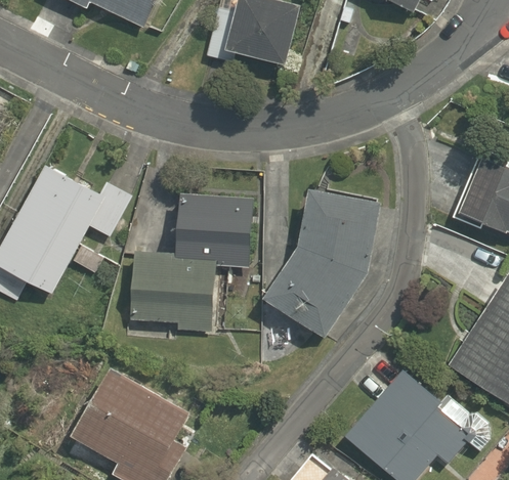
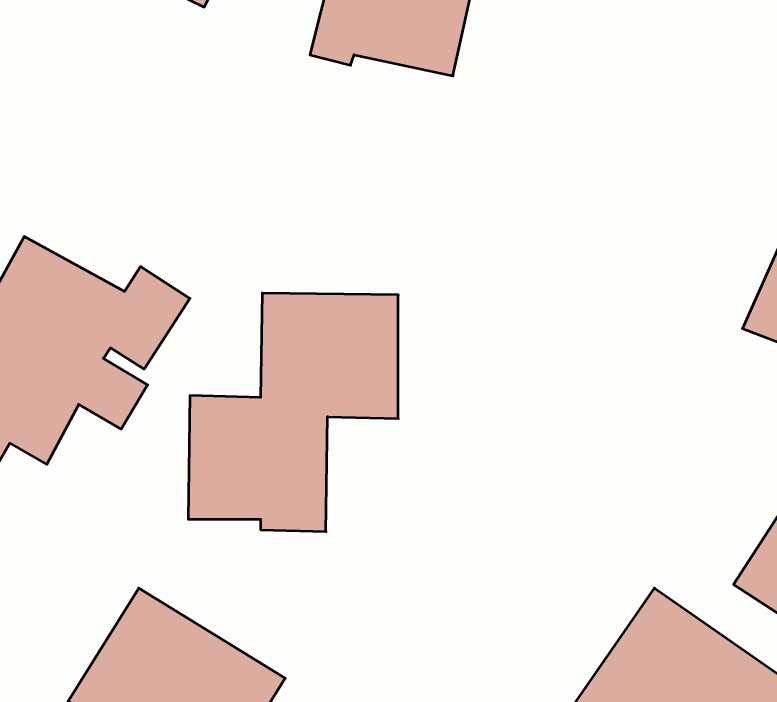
building: [263,186,379,335] -> none

